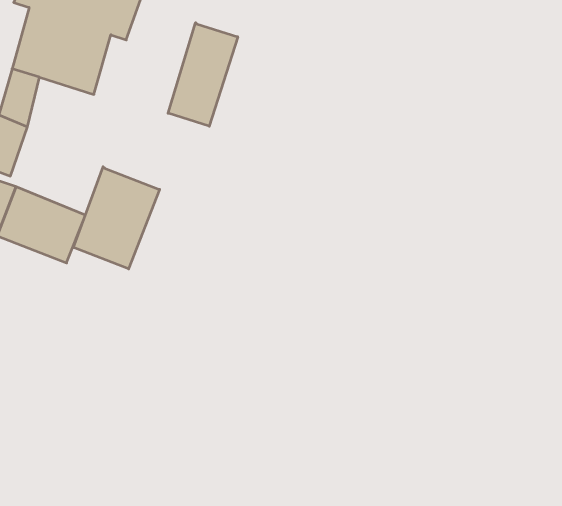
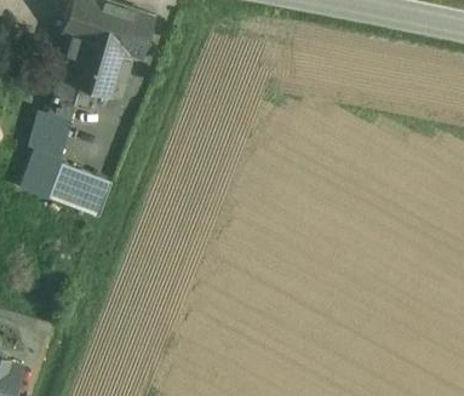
building: [168,23,238,126] -> none
building: [74,167,160,269] -> none

